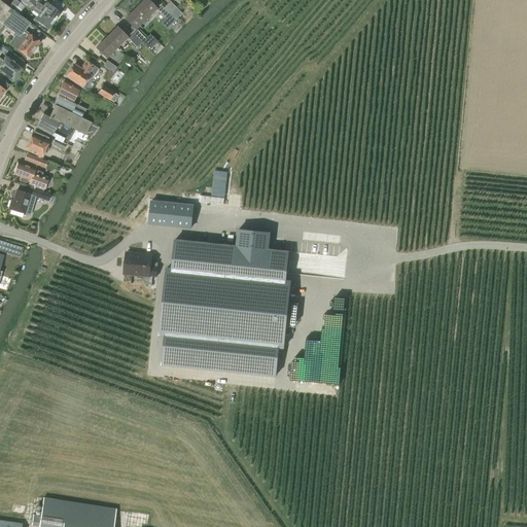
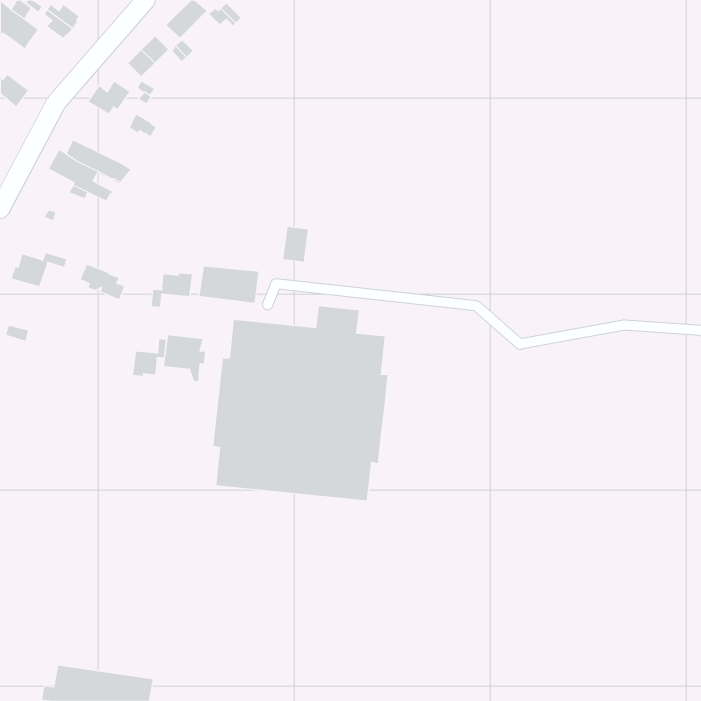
building: [9,31,39,58] -> none
building: [54,80,84,117] -> none
building: [26,132,49,157] -> none
building: [13,163,47,189] -> [80,264,125,300]
building: none -> [151,273,192,308]
building: none -> [133,339,166,376]

